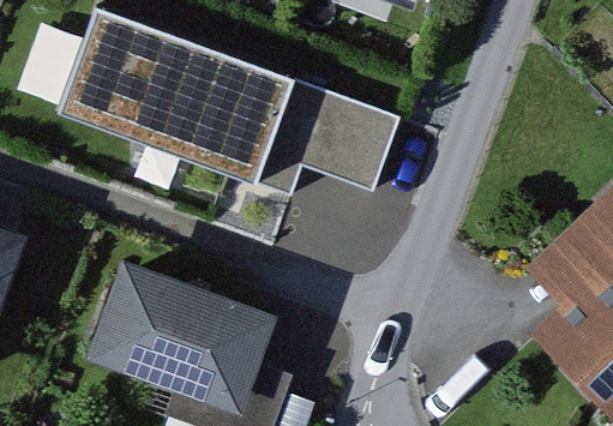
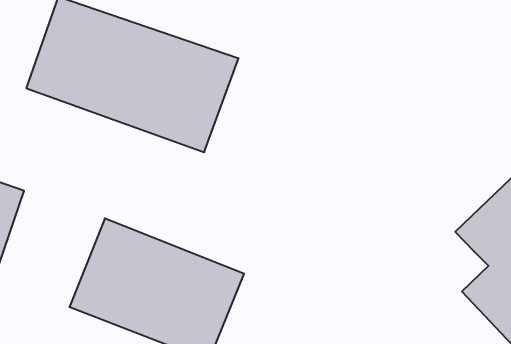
building: [251,82,395,197] -> none

